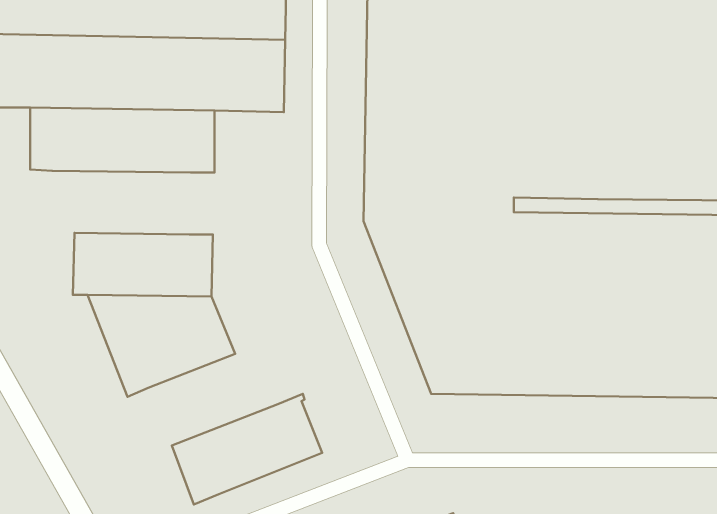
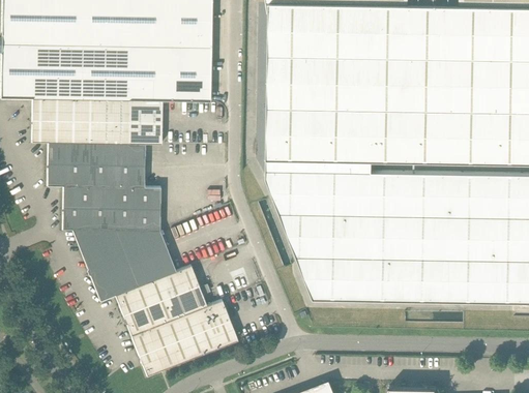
building: none -> [47,143,145,187]
building: none -> [115,266,206,335]

